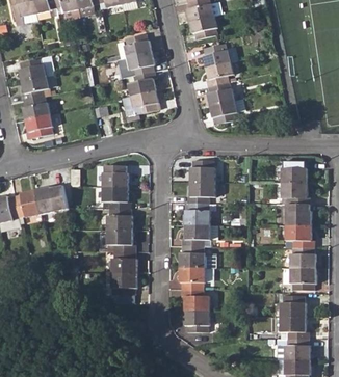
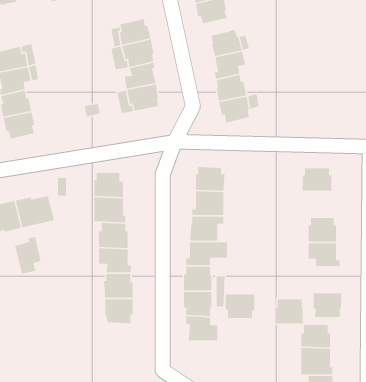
building: [281,182,309,204] -> none
building: none -> [14,236,41,274]
building: [290,246,315,268] -> [275,299,304,324]
building: [183,309,209,331] -> [225,293,255,319]

